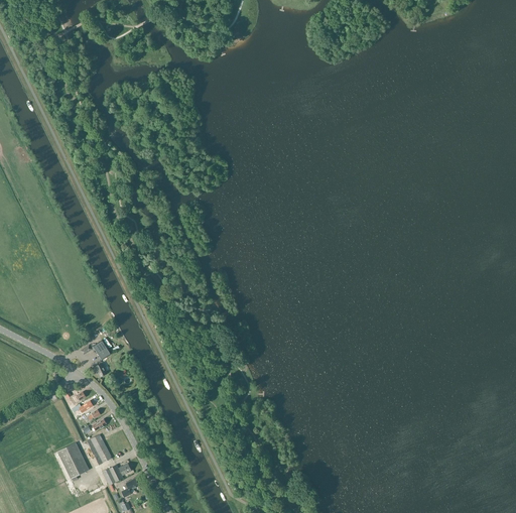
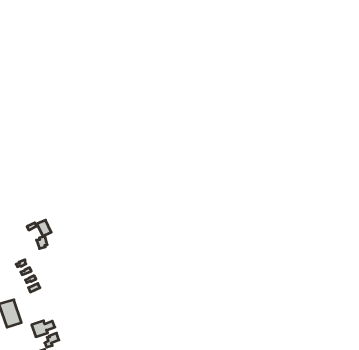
building: [87,433,112,465] -> none

